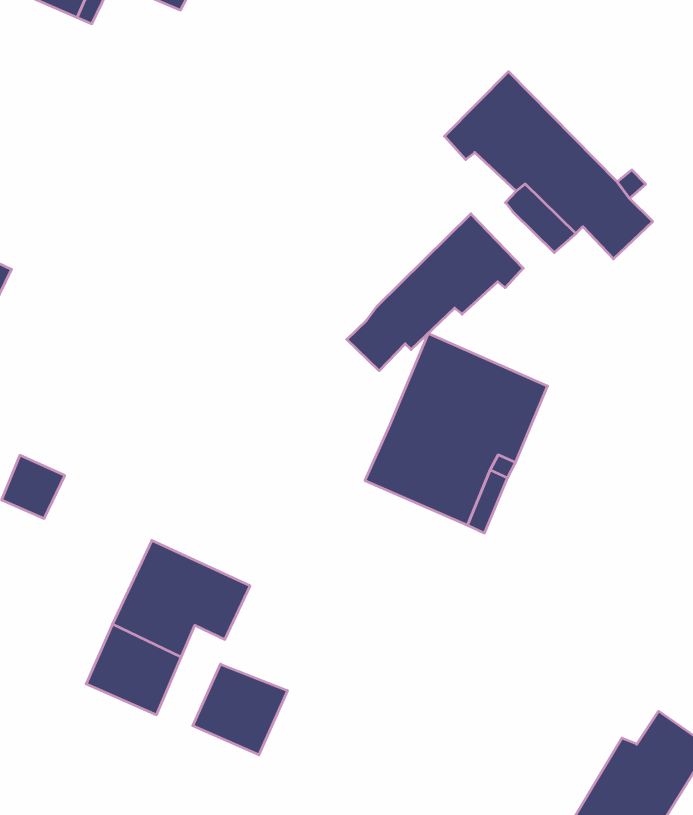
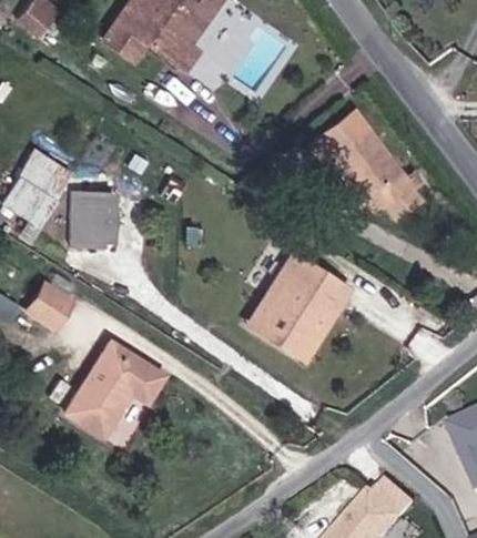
building: [347,214,523,371] -> none
building: none -> [83,197,126,244]
building: [193,664,287,755] -> none

